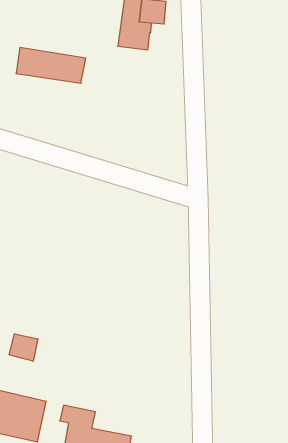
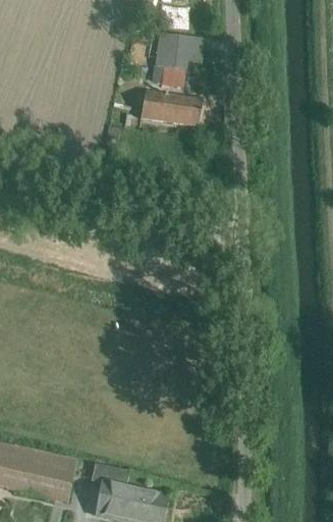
building: [16,47,86,83] -> [141,90,214,127]
building: [9,334,38,361] -> none

